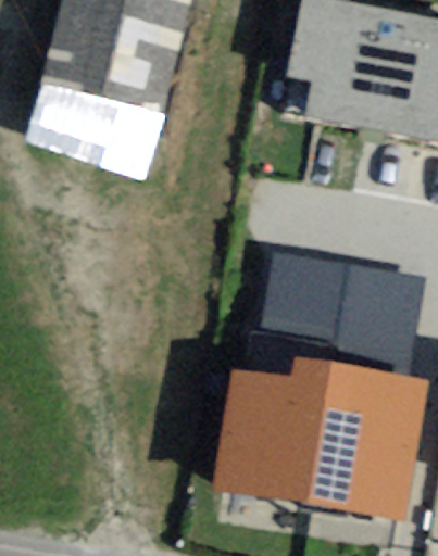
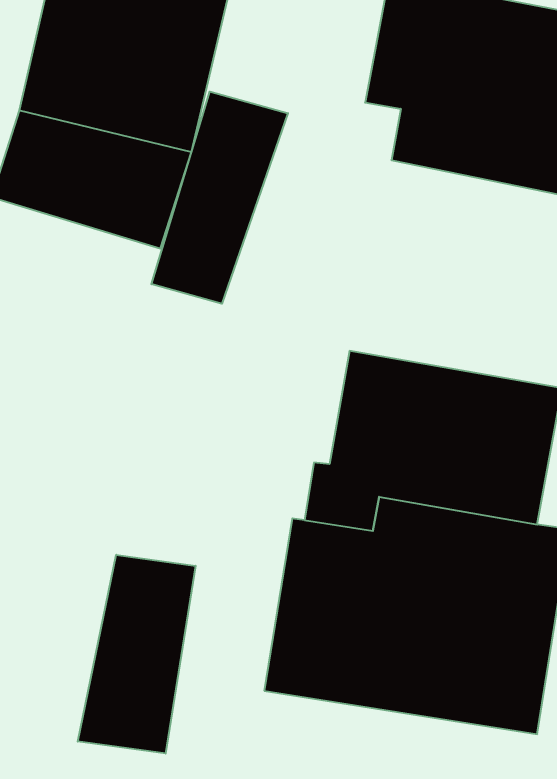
building: none -> [151,92,288,304]
building: none -> [78,555,196,754]

